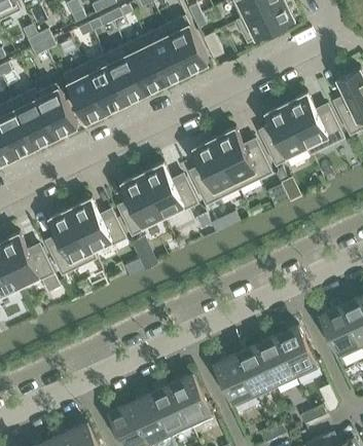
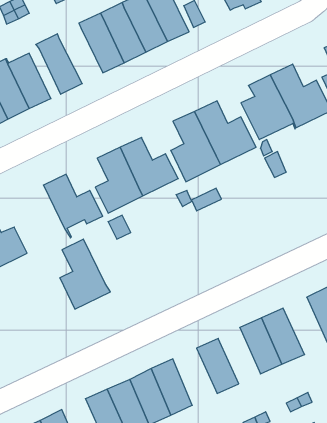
building: [82,54,125,112] -> none
building: [46,209,95,275] -> [60,239,110,309]
building: [235,344,276,398] -> none

